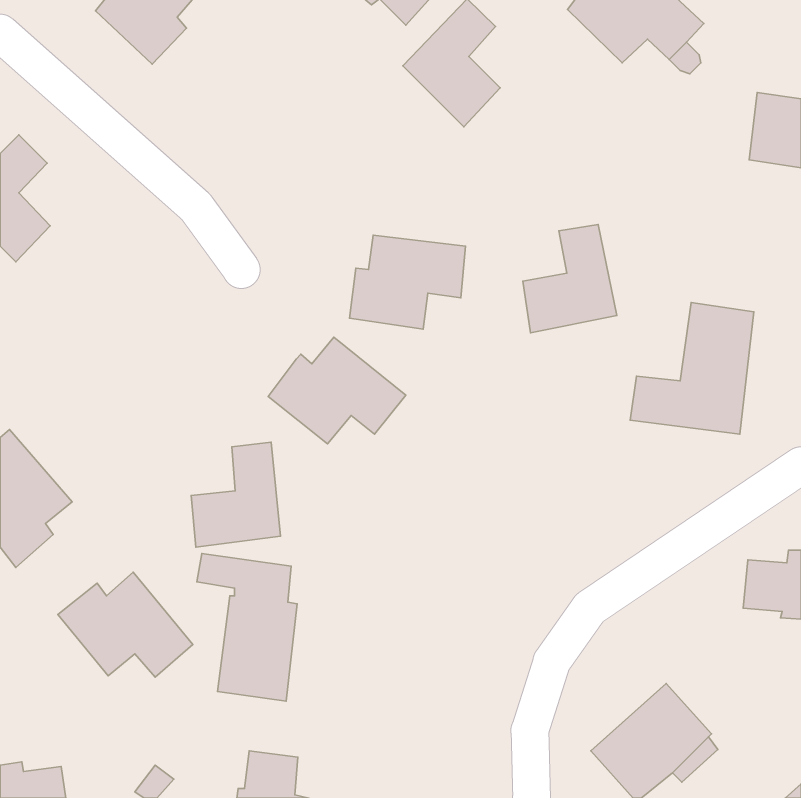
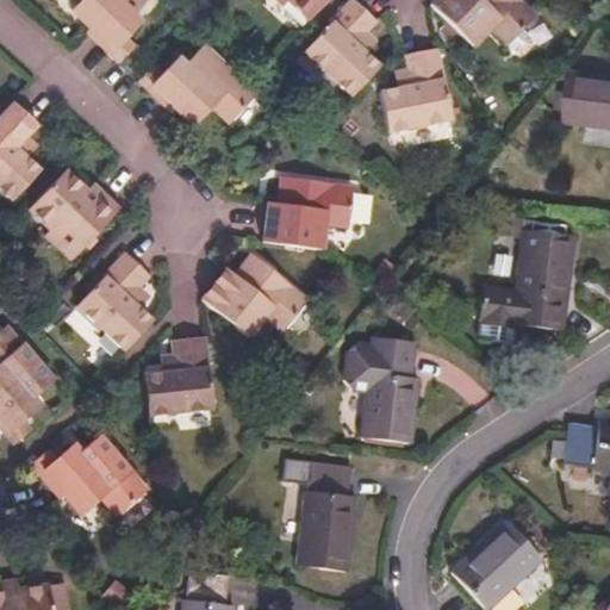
building: none -> [152,45,256,125]
building: none -> [29,168,118,259]
building: [523,225,617,333] -> [381,51,453,133]
building: none -> [79,254,151,351]
building: none -> [347,342,418,442]
building: [197,554,297,701] -> [280,458,356,569]

